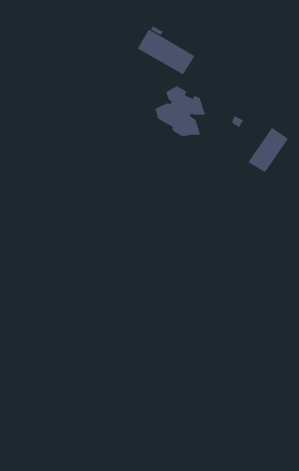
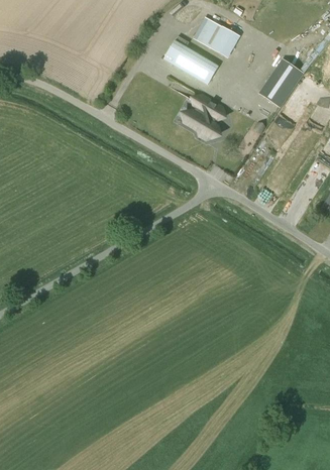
building: none -> [201,20,240,57]
building: [248,127,289,173] -> [263,63,303,106]

